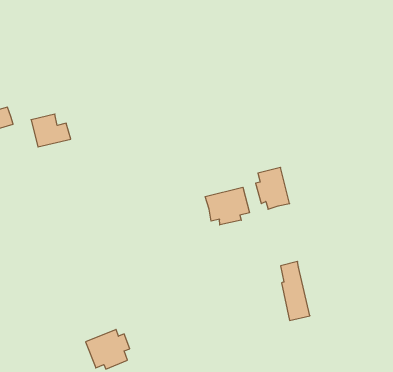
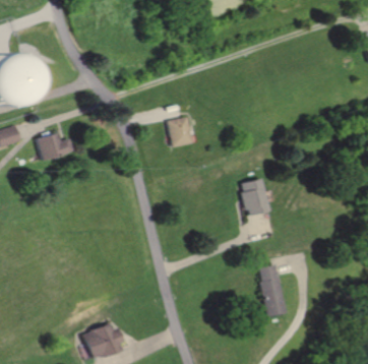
building: none -> [165,118,188,147]
building: [205,187,249,225] -> none

